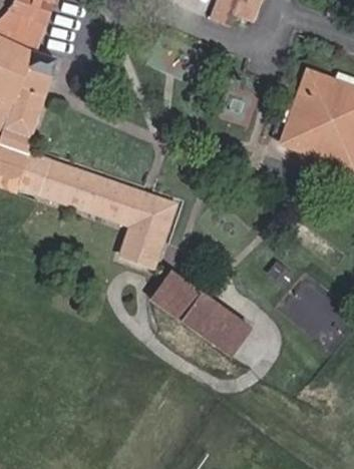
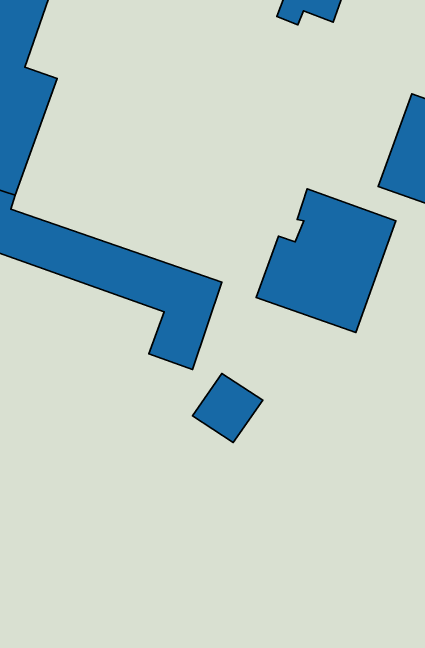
building: none -> [256,189,396,333]
building: [184,291,255,357] -> none

